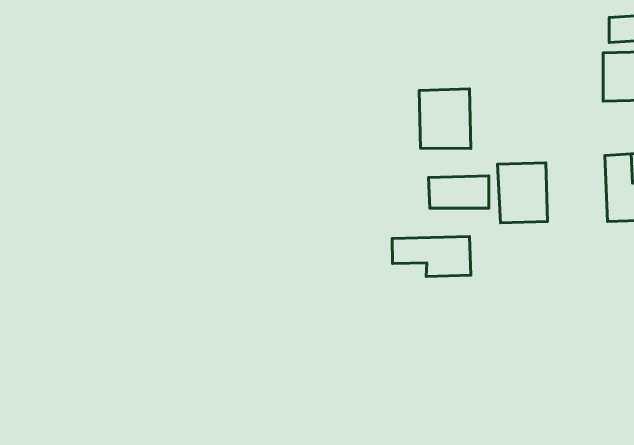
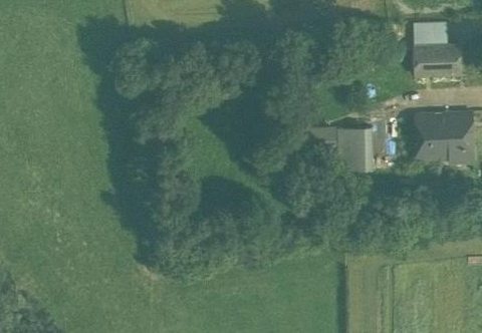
building: [419,89,471,148] -> none
building: [392,237,471,277] -> none

